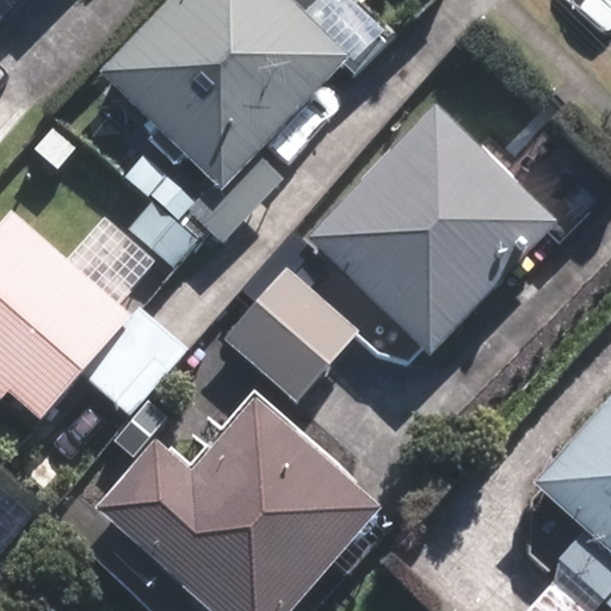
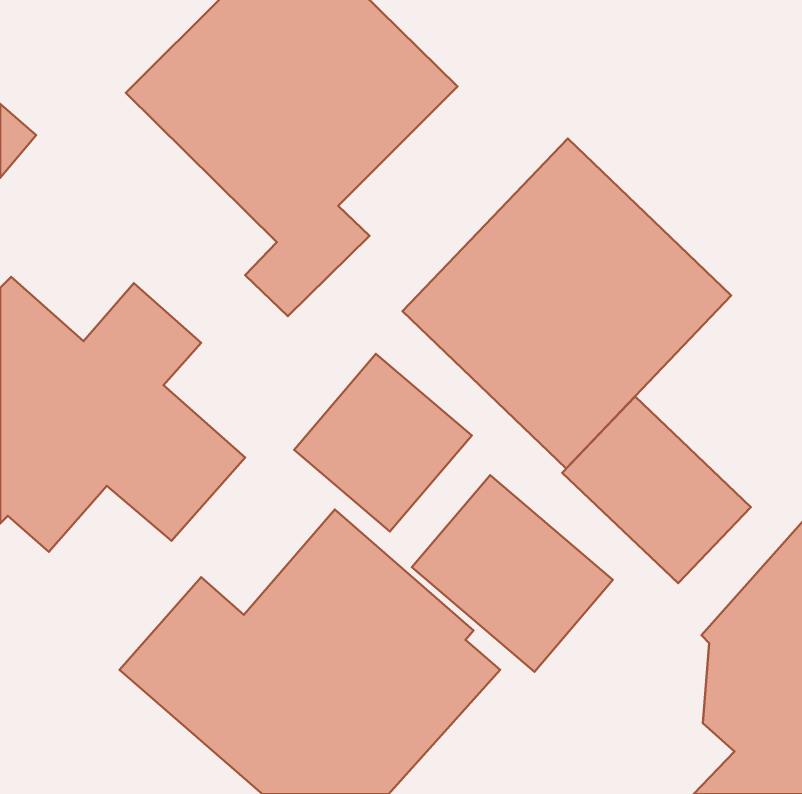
building: none -> [562,397,751,583]
building: none -> [412,475,613,672]

